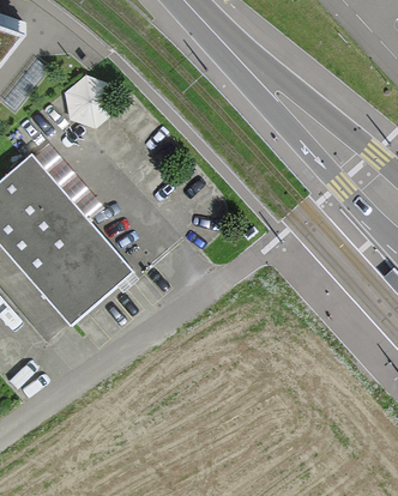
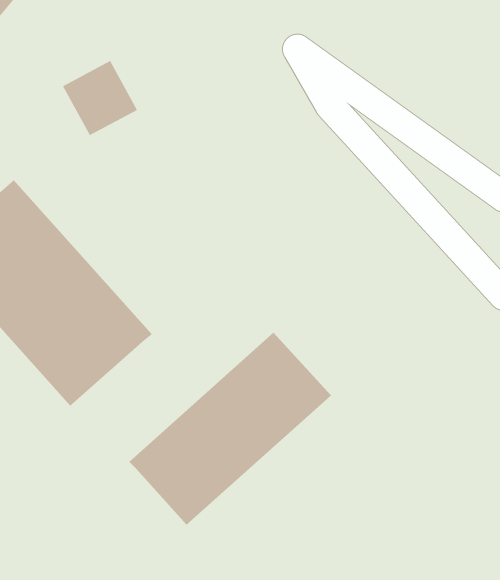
building: none -> [128,332,332,525]

